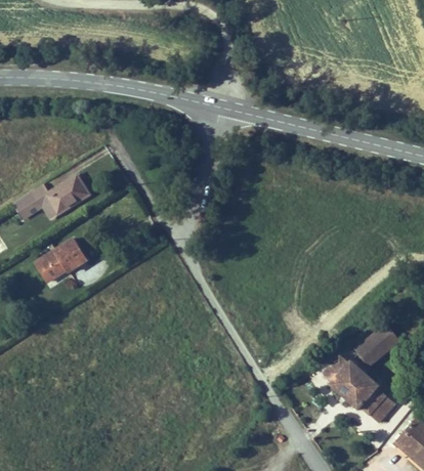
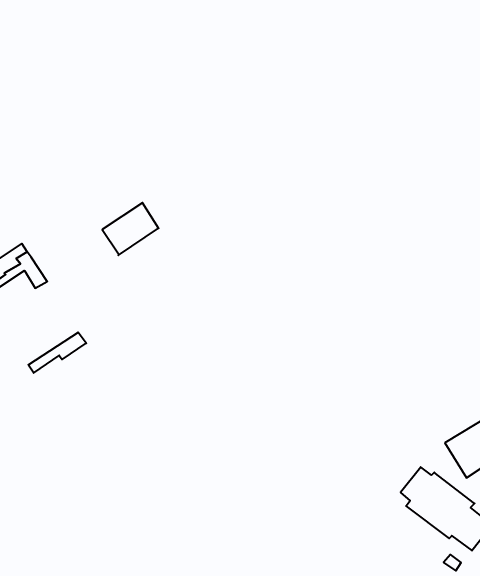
building: [43,177,86,217] -> [102,203,159,255]
building: [32,241,79,280] -> none

